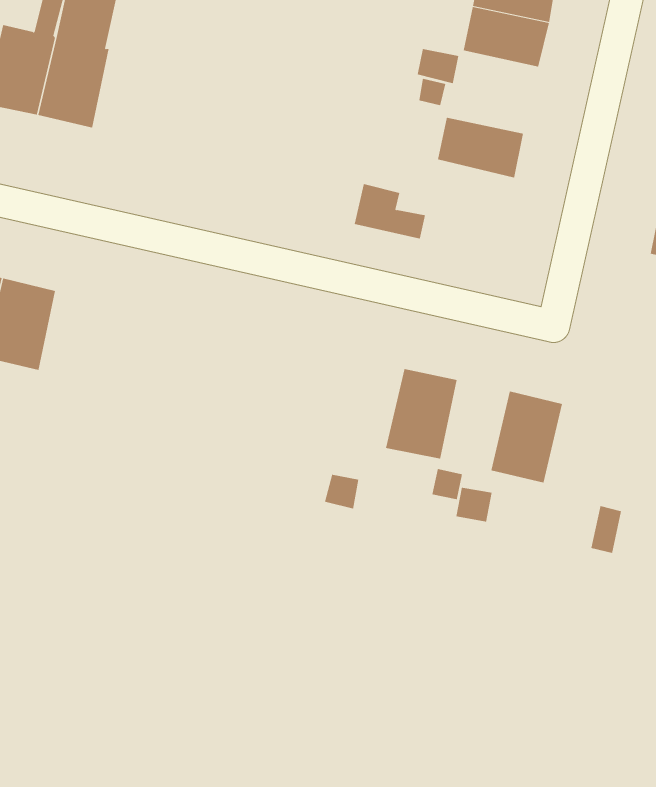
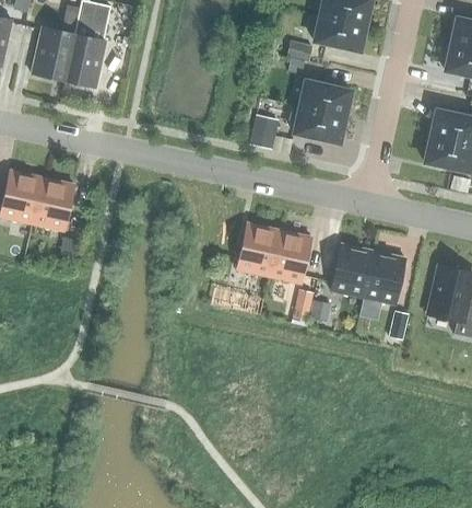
building: none -> [294,106,345,143]
building: none -> [237,222,280,277]
building: none -> [363,251,405,304]

